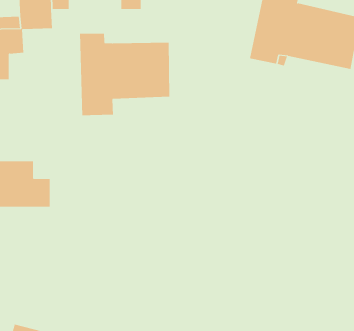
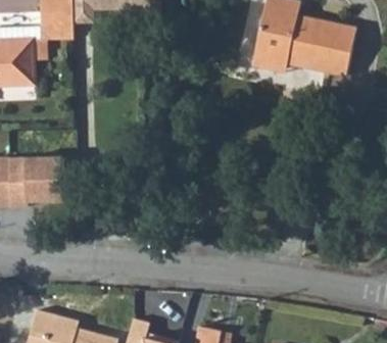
building: [80,33,170,116] -> none

